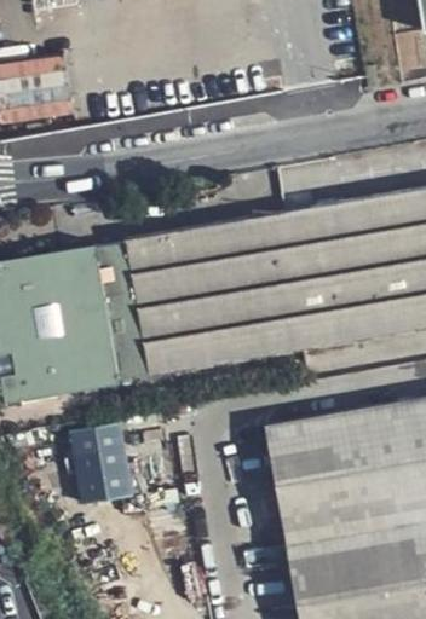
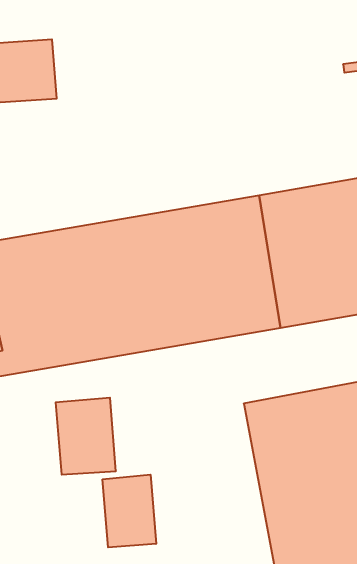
building: none -> [103,475,156,547]

